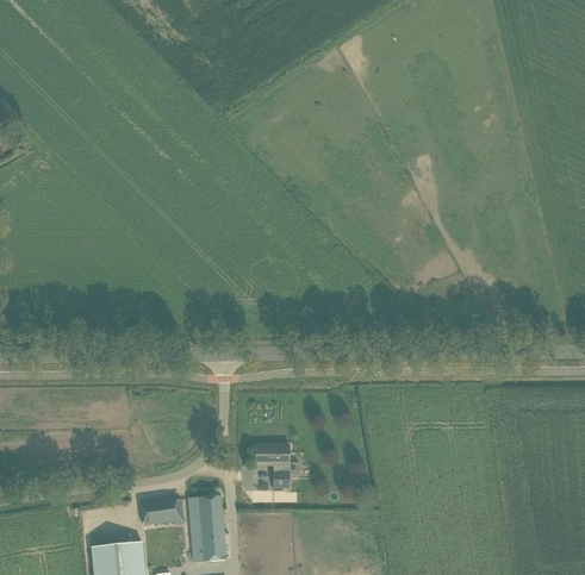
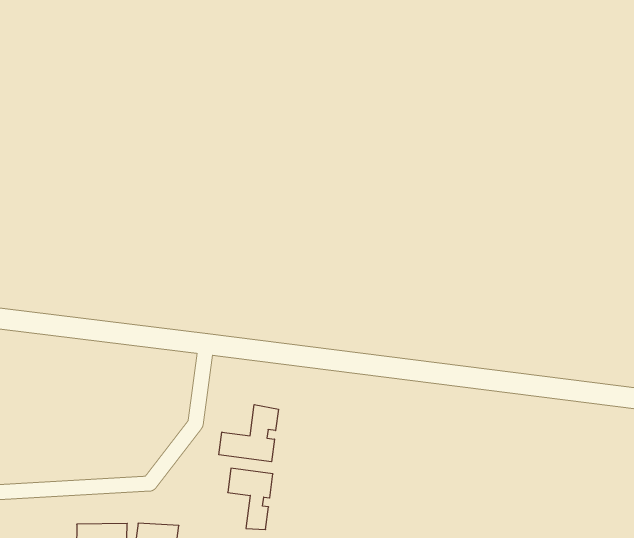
building: none -> [219,405,278,462]

